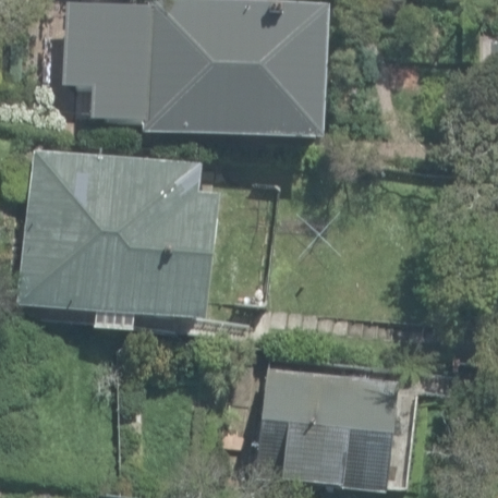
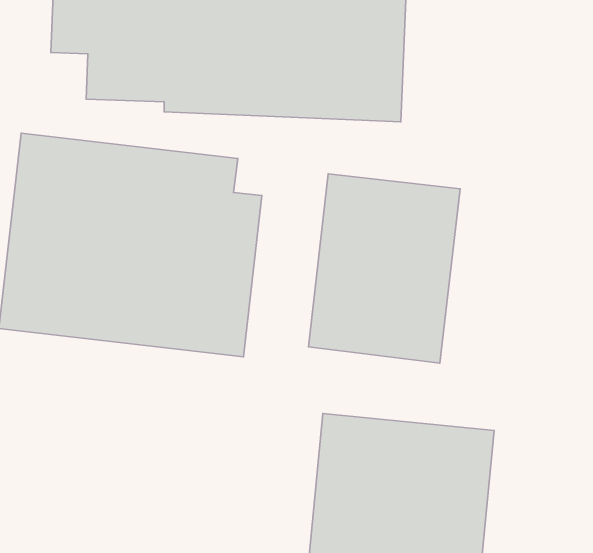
building: none -> [308,174,460,363]

